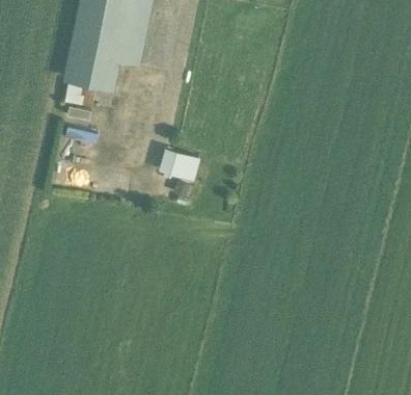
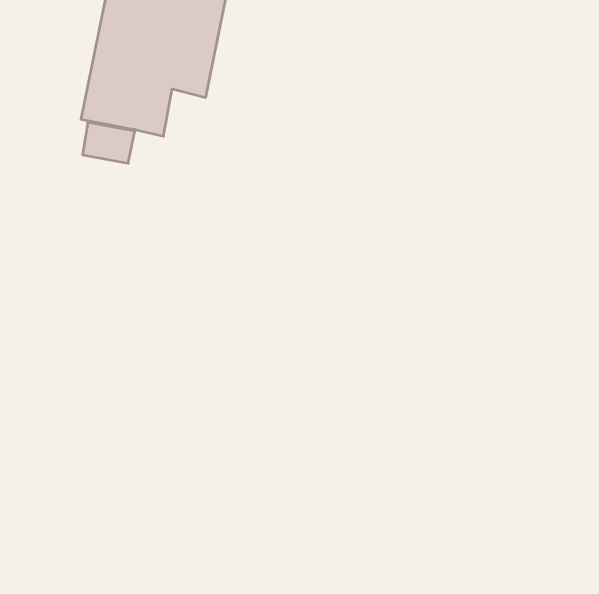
building: [154,148,198,182] -> none

